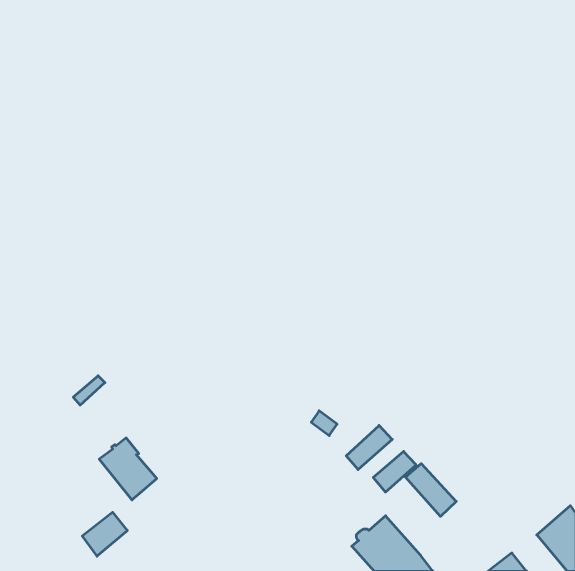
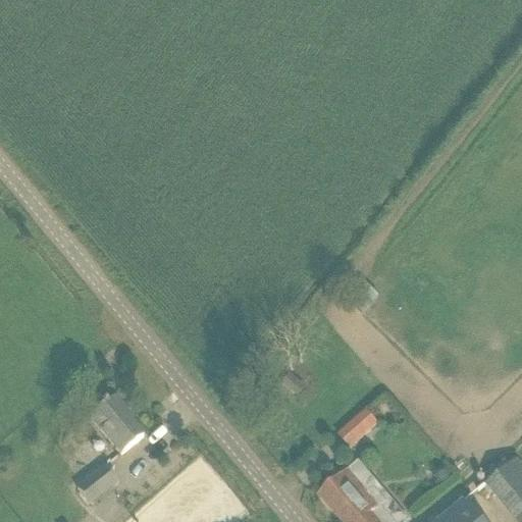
building: [346,425,392,470] -> none
building: [405,464,456,516] -> none

